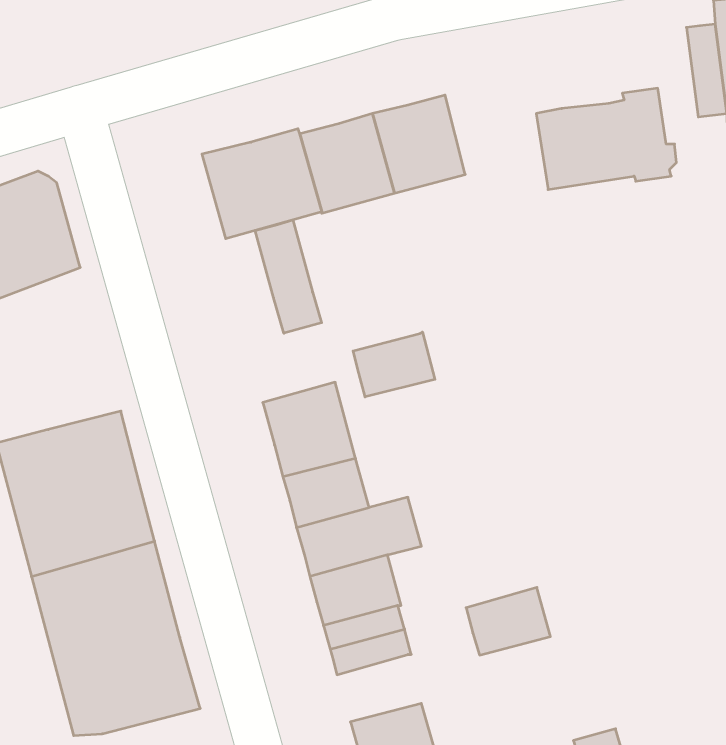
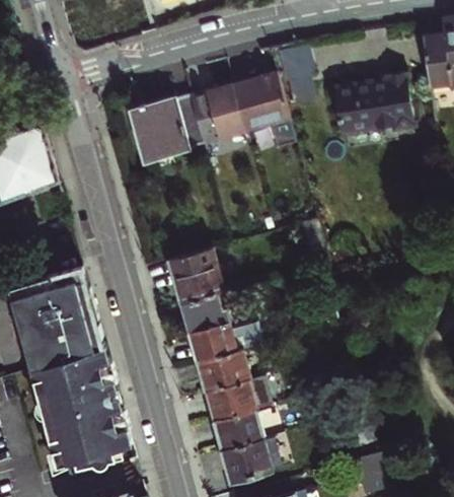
building: [255,220,322,333] -> none
building: [353,332,435,397] -> none
building: [466,587,550,655] -> [213,413,263,453]

